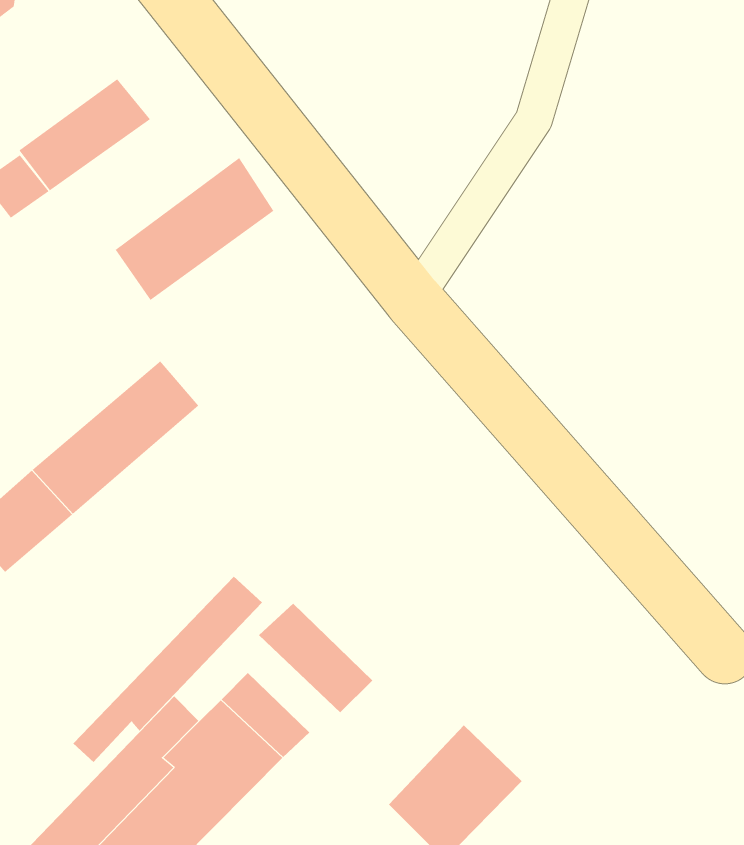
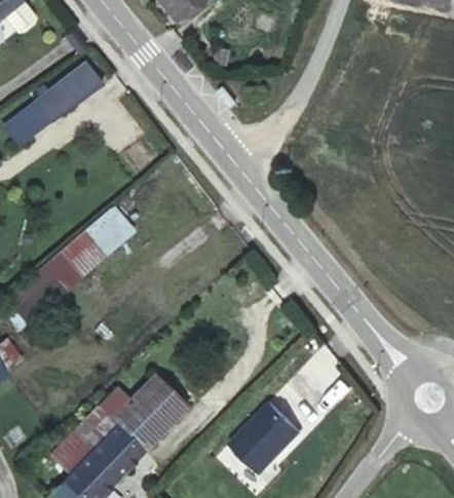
building: [115,157,274,301] -> none
building: [73,576,263,763] -> none
building: [258,603,373,713] -> none

